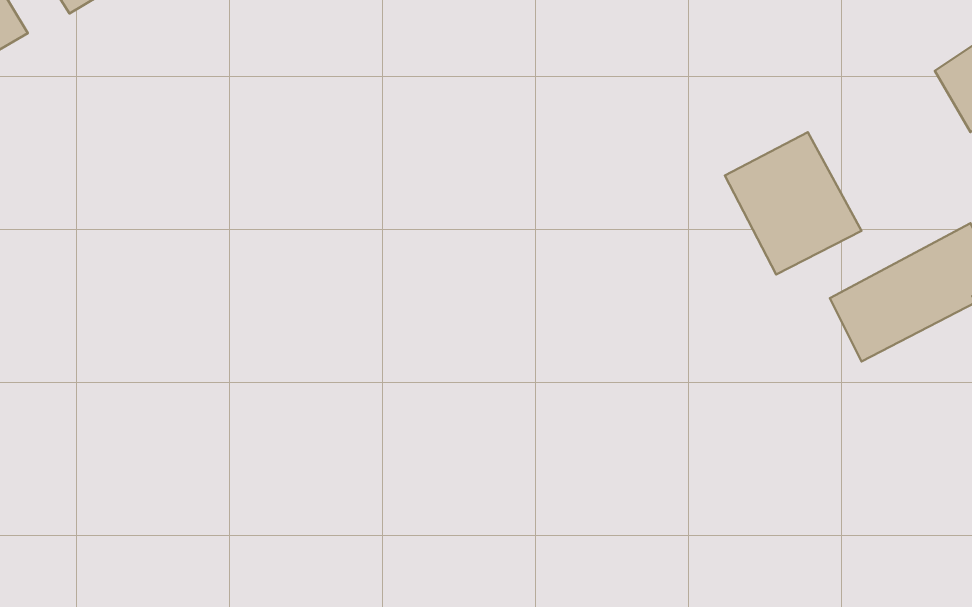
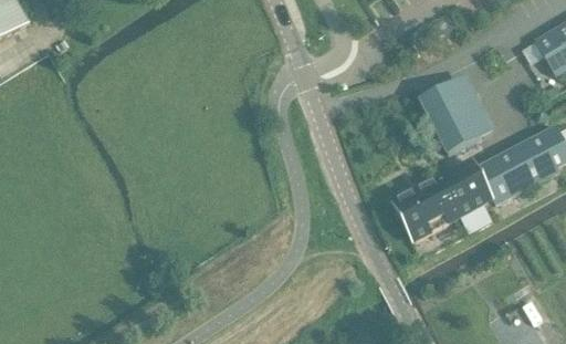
building: none -> [392,158,492,239]

